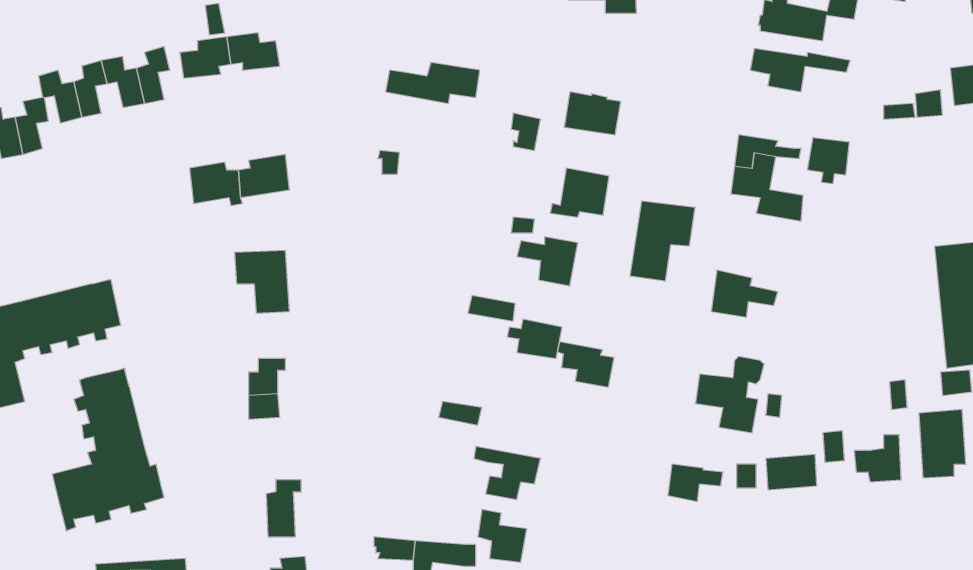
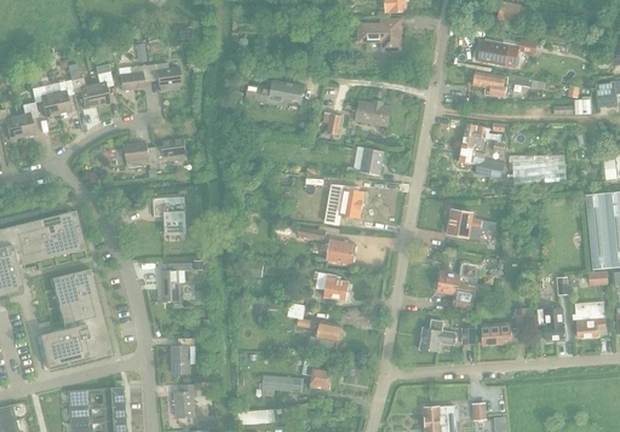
building: [807,137,849,184] -> none
building: [630,201,695,281] -> none
building: [557,342,614,387] -> [312,271,348,299]

